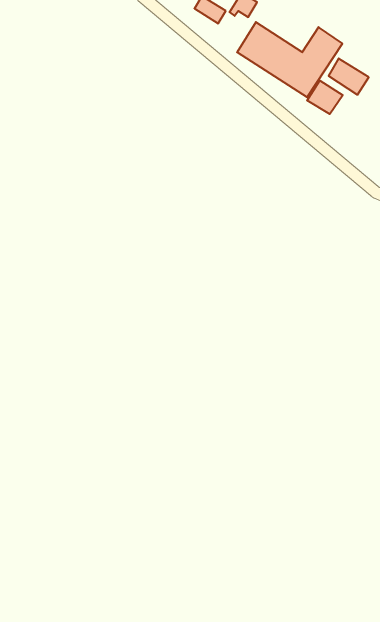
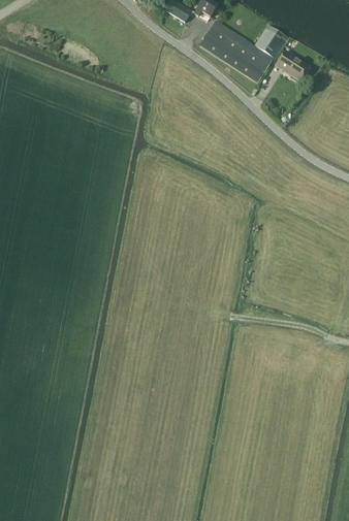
building: [307,80,343,114] -> none

